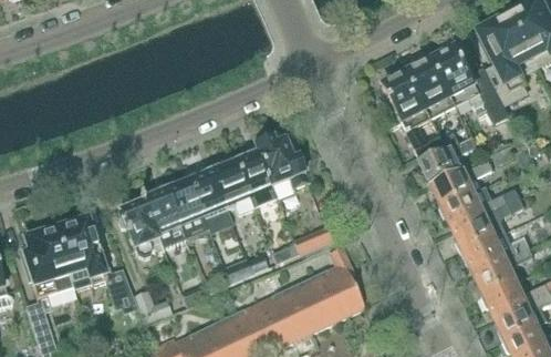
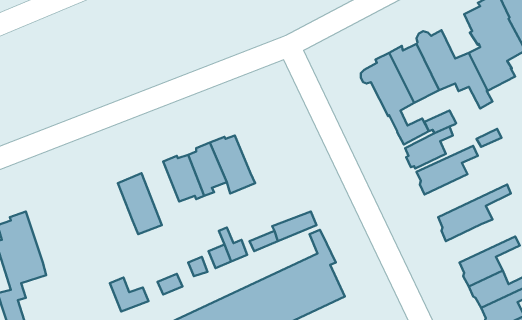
building: [254,135,309,187] -> none
building: [166,175,208,237] -> none
building: [441,186,522,230] -> none
building: [119,196,160,256] -> none
building: [53,217,136,313] -> none
building: [462,236,530,274] -> none

